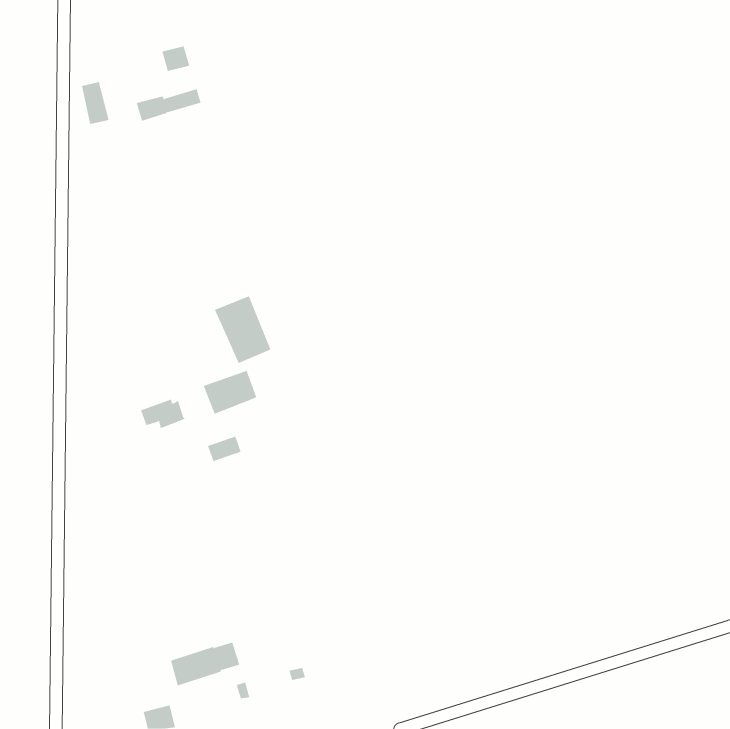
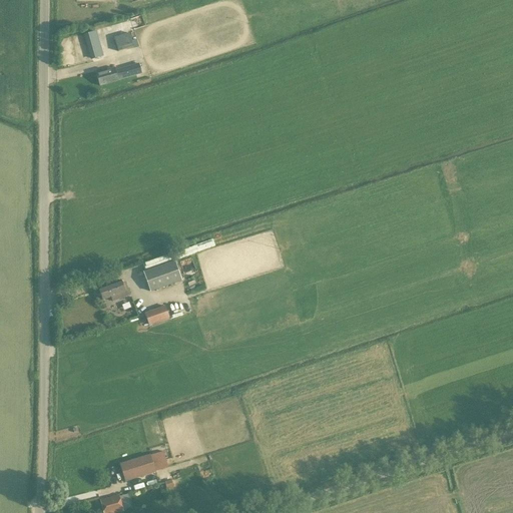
building: [81,81,110,124] -> [85,25,105,55]
building: [214,295,271,364] -> none

